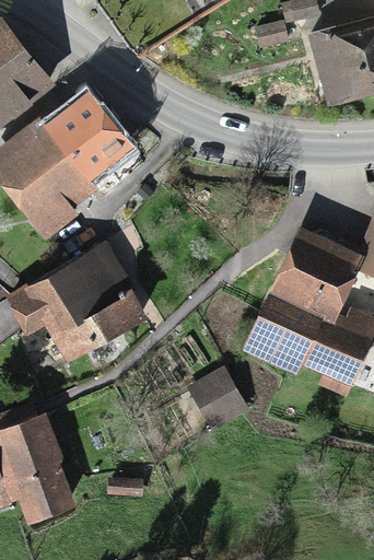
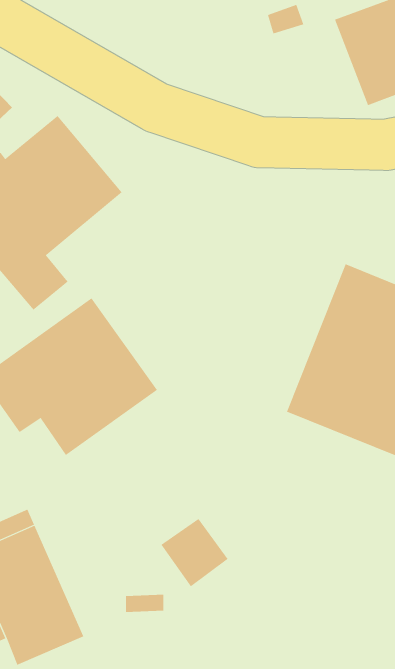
building: [189,364,242,418] -> [161,518,229,587]

